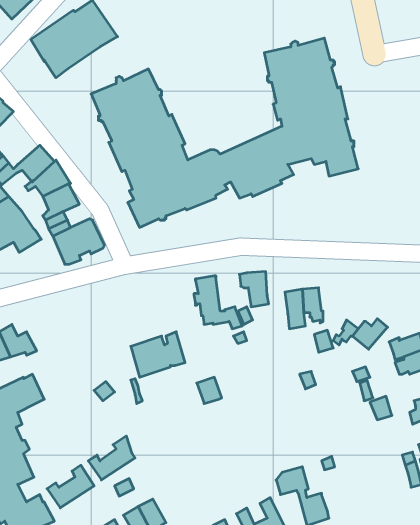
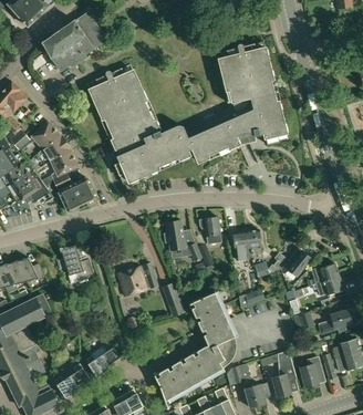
building: none -> [58,245,94,282]
building: none -> [155,291,238,403]
building: none -> [272,351,297,400]
building: none -> [299,355,322,387]

